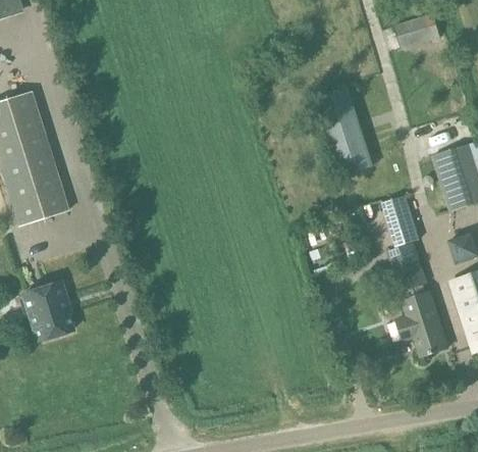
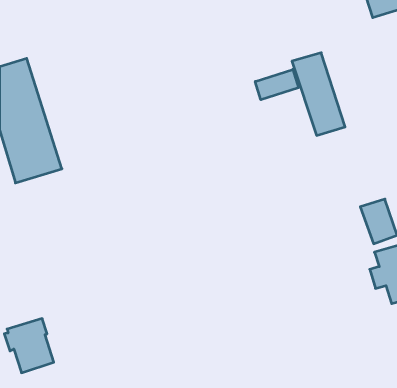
building: none -> [255,69,298,100]
building: [382,196,415,246] -> none
building: [18,283,71,341] -> [4,319,54,373]

